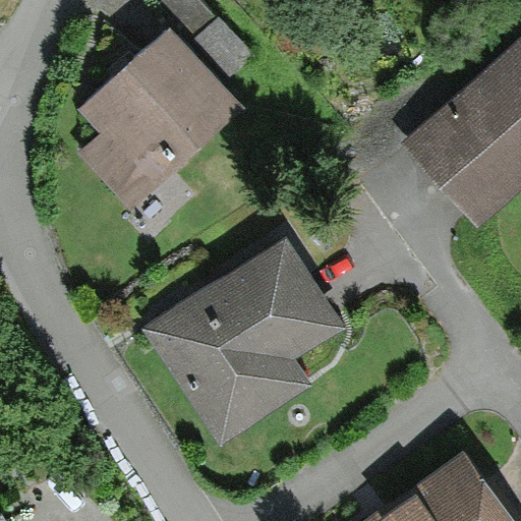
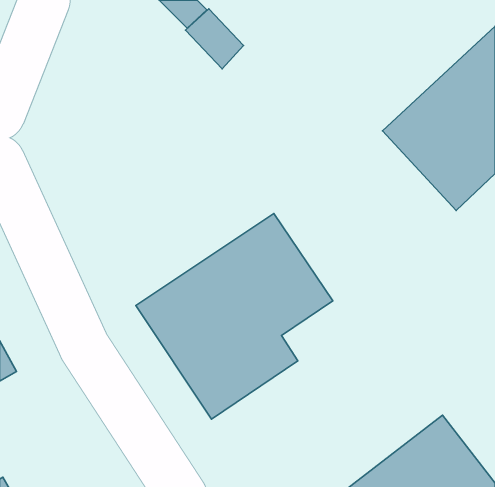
building: [76,23,248,216] -> none

